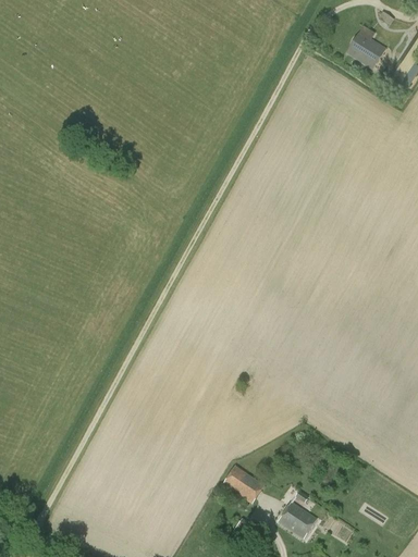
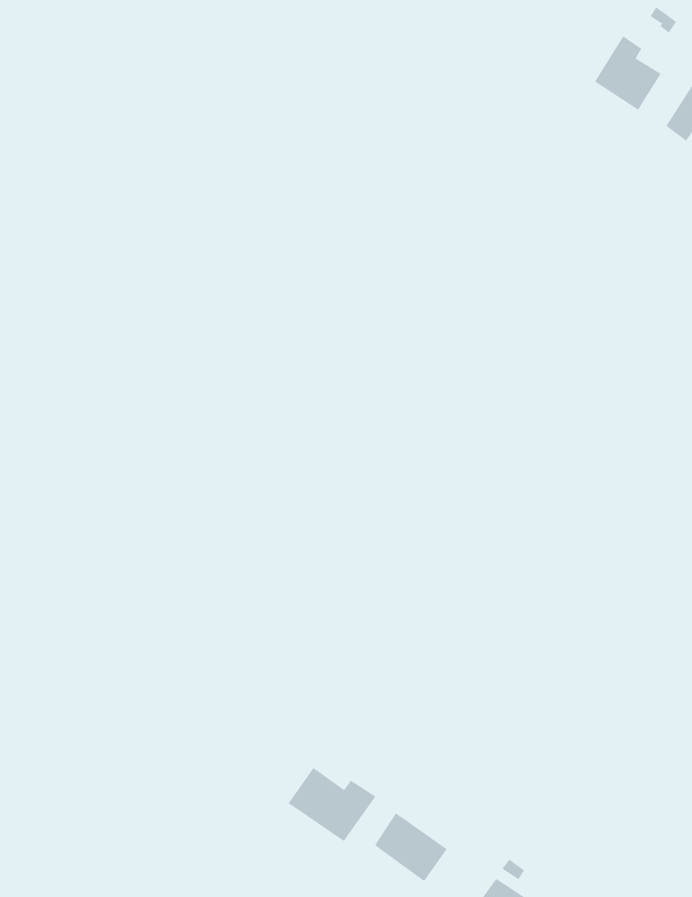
building: none -> [288,767,376,842]

